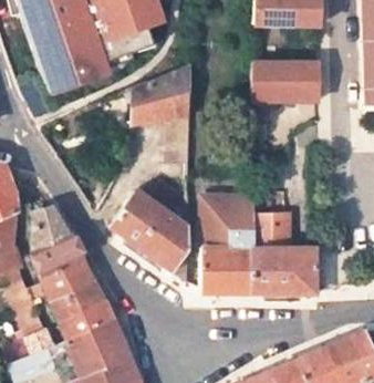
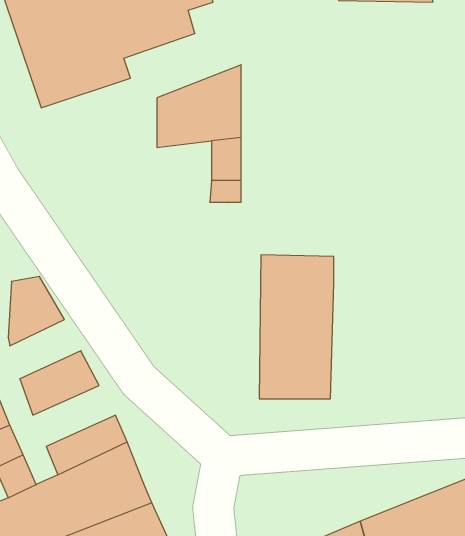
building: [252,60,318,99] -> none
building: [110,180,188,280] -> none
building: [249,211,314,290] -> none
building: [34,236,82,276] -> none
building: [50,281,105,321] -> none

